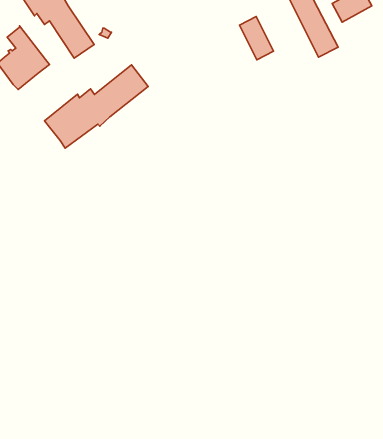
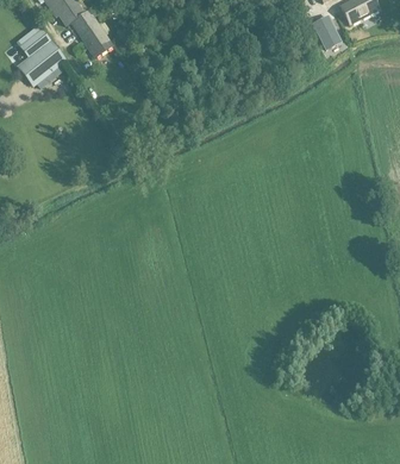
building: [239,16,274,60] -> none
building: [44,65,148,148] -> none

